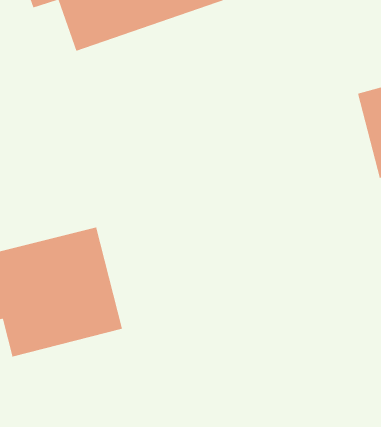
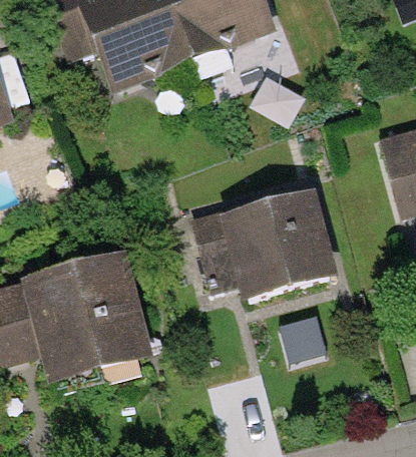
building: none -> [226,187,336,295]

